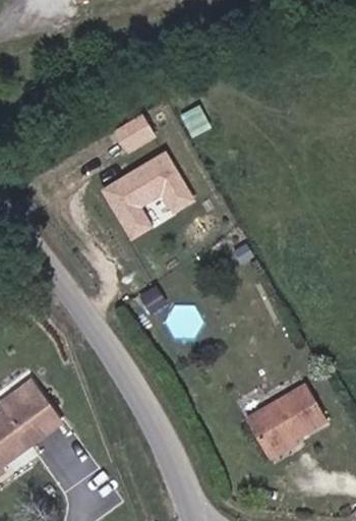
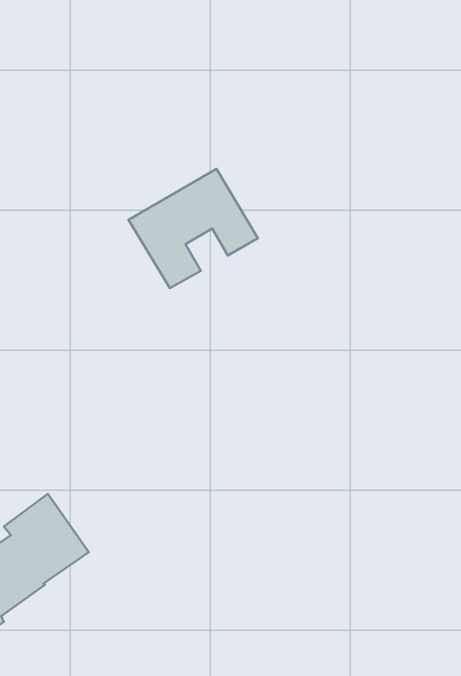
building: [112,111,155,150] -> none
building: [246,383,325,452] -> none

